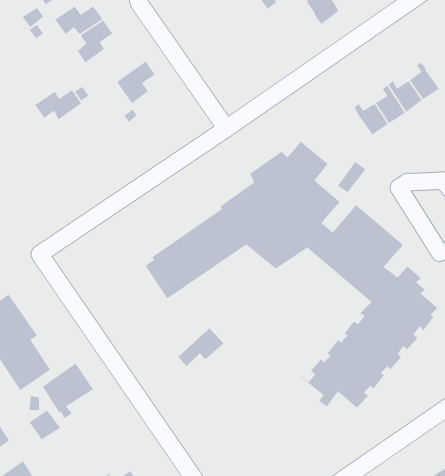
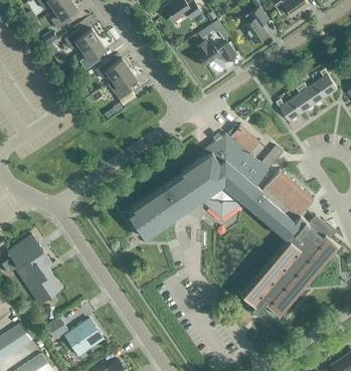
building: none -> [194,40,235,65]
building: [34,89,82,120] -> [95,58,129,80]
building: [177,328,225,367] -> none
building: [42,363,94,419] -> [65,319,103,359]

